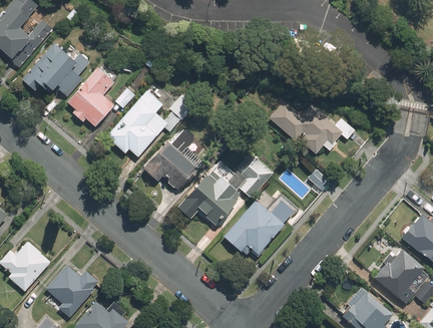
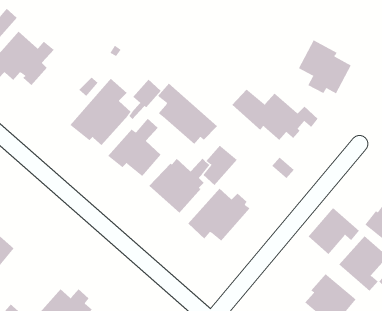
building: none -> [298,40,351,94]
building: [67,63,117,126] -> none
building: none -> [157,83,218,145]
building: none -> [308,207,360,255]
building: [45,264,98,317] -> none

